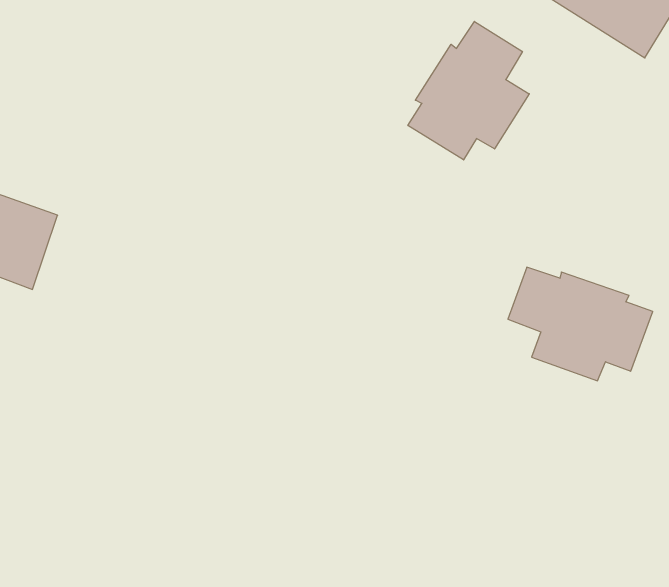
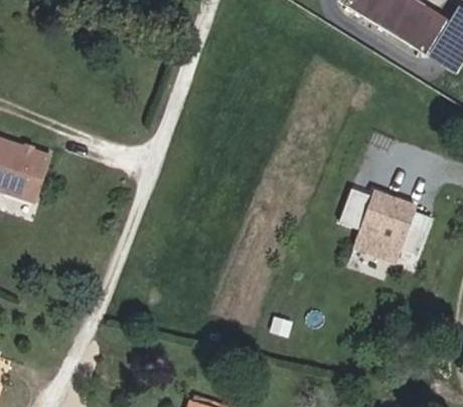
building: [408,21,529,160] -> none

